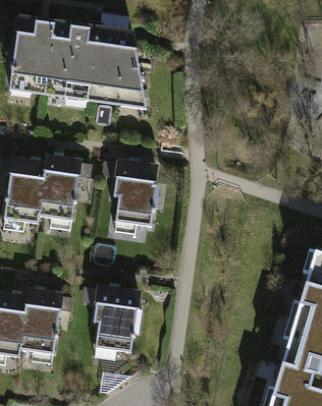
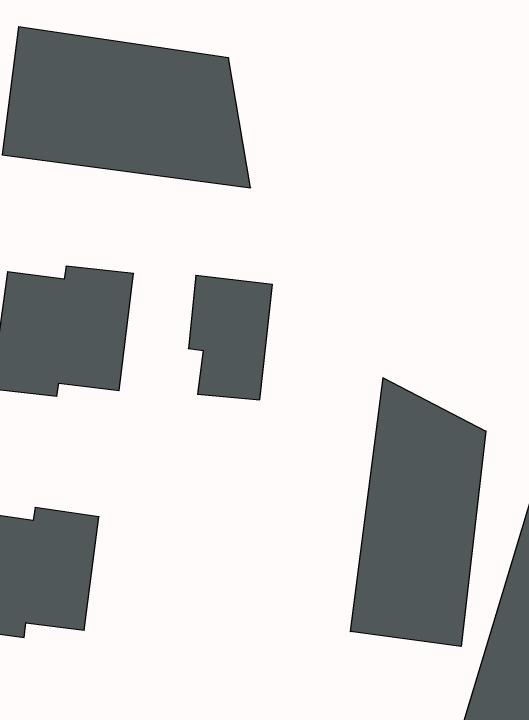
building: none -> [350,378,486,646]
building: [97,285,144,353] -> none

